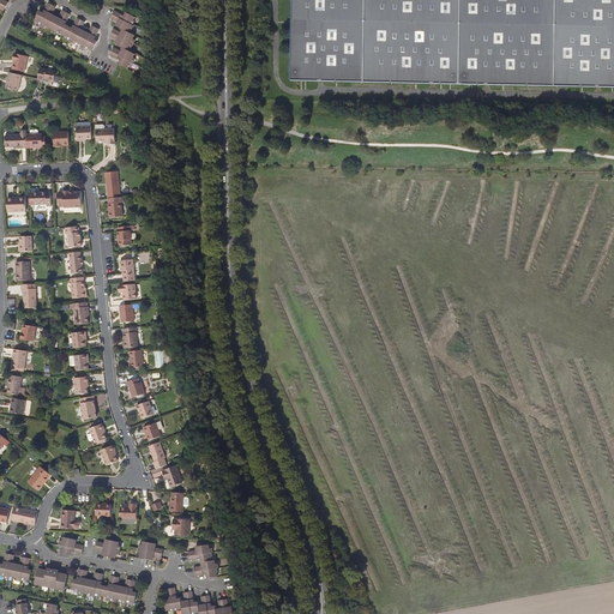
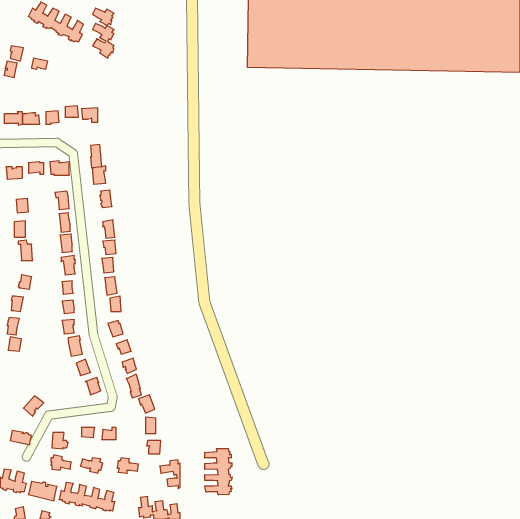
building: none -> [205,449,232,495]

